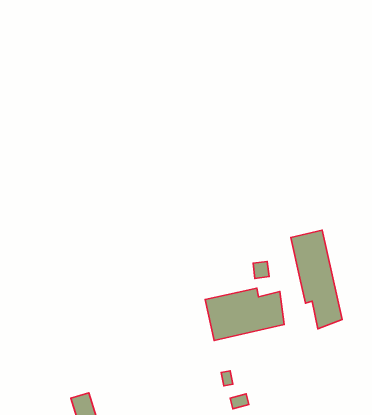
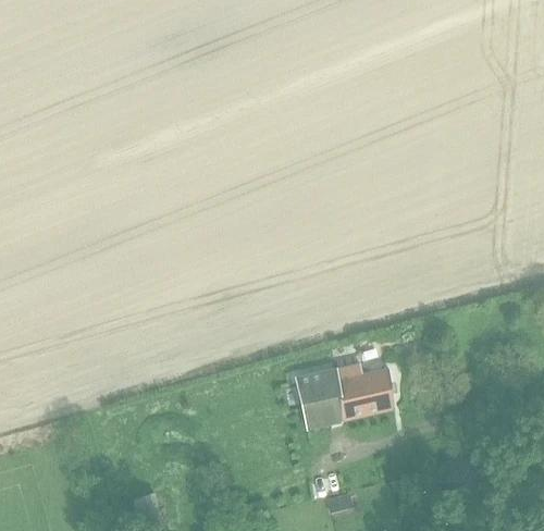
building: [291,230,342,329] -> none

